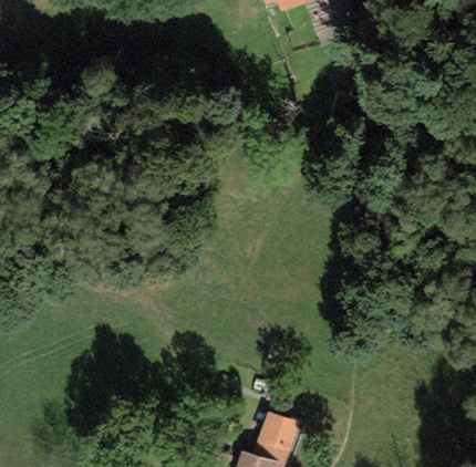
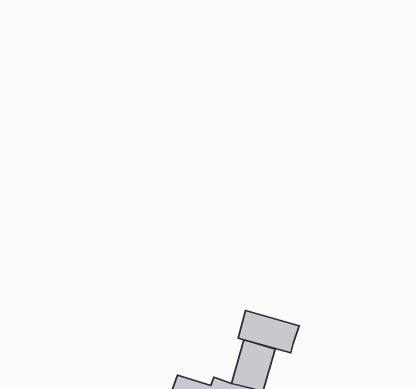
building: none -> [238,310,299,353]

